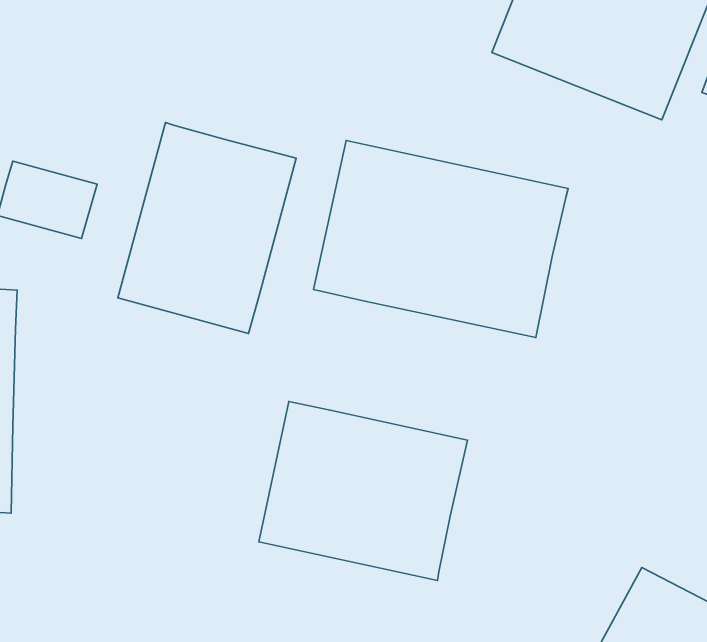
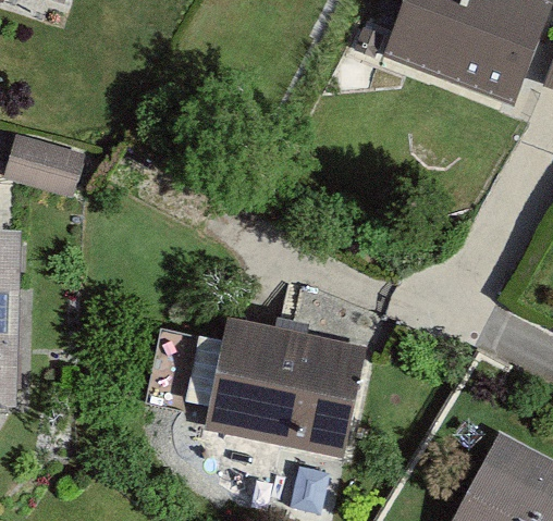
building: [118,122,296,334] -> none
building: [314,141,568,338] -> none

